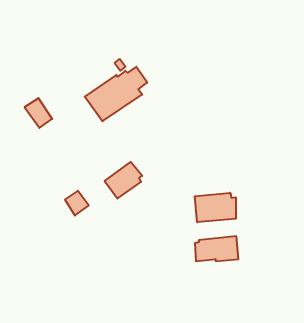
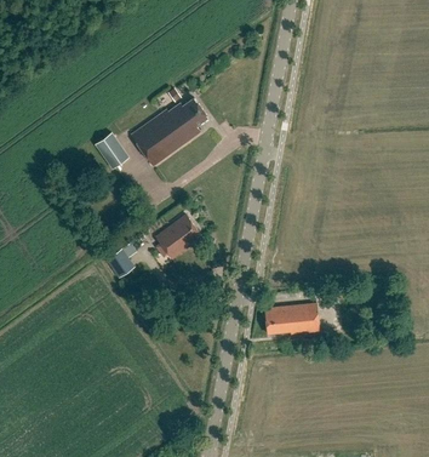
building: [25,98,52,128] -> [95,132,128,168]
building: [195,193,236,222] -> none

